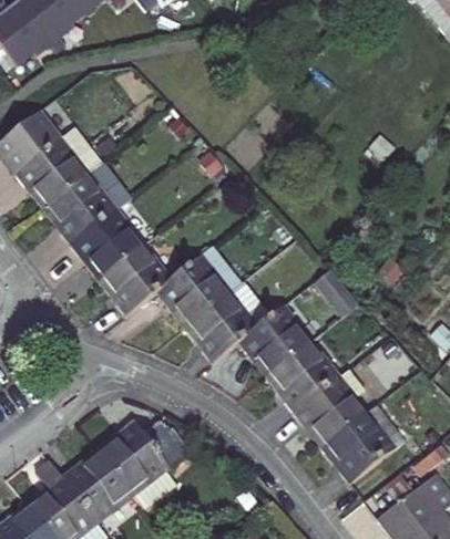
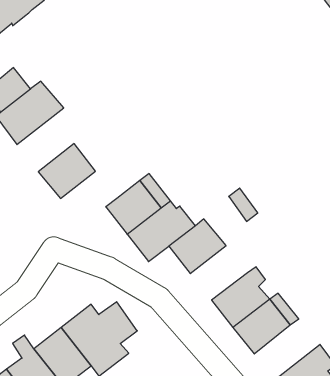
building: [42,163,132,246] -> none
building: [99,245,172,315] -> none
building: [267,341,341,412] -> none

